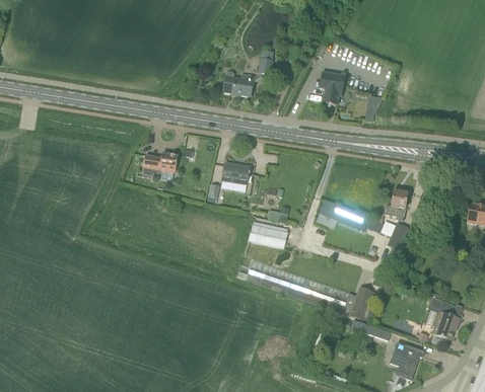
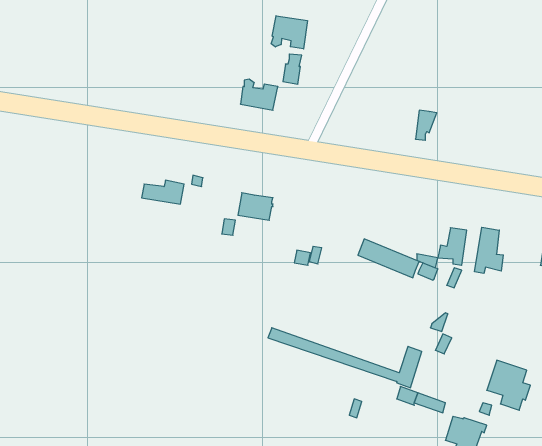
building: none -> [271,16,307,49]
building: [320,72,345,104] -> none
building: none -> [475,227,503,273]
building: [249,224,289,248] -> none

